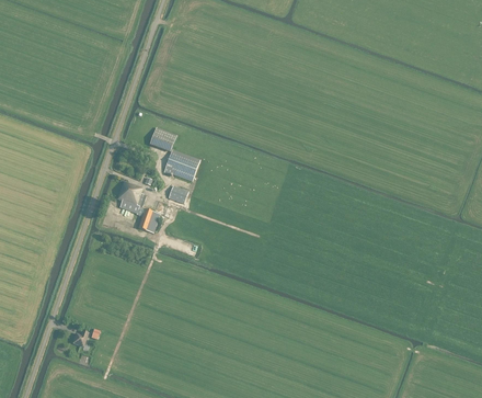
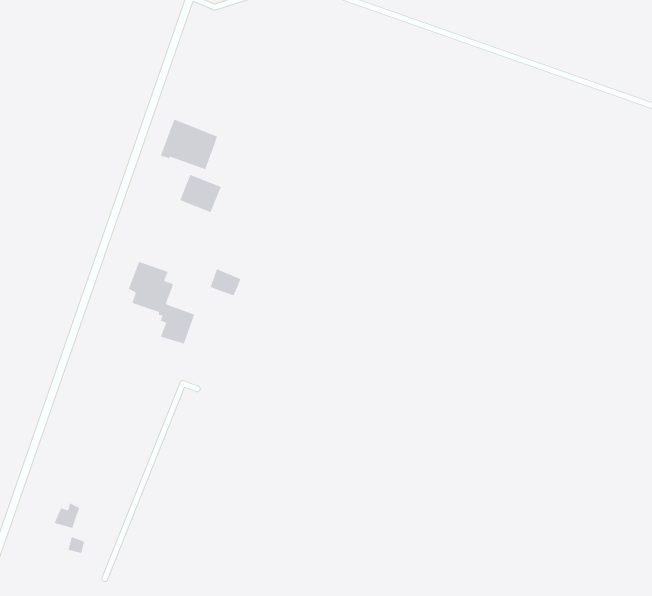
building: [163,150,199,182] -> [160,119,218,170]

